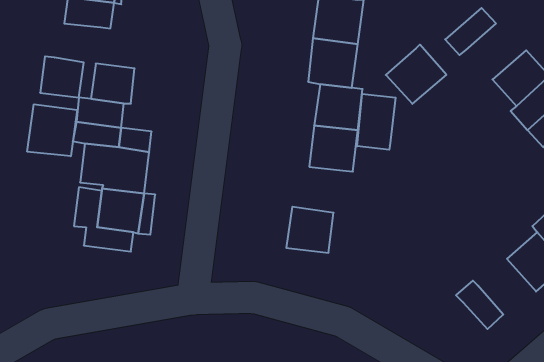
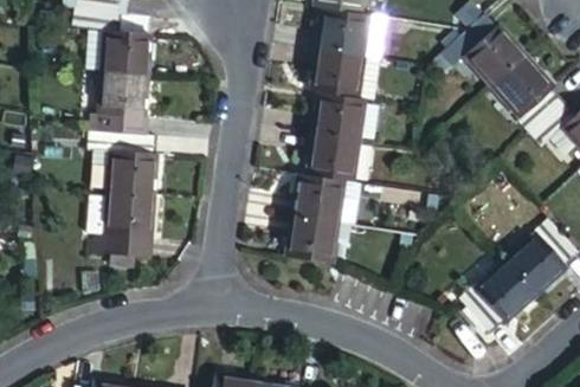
building: [386,45,446,104] -> [466,32,526,90]
building: [40,56,84,98] -> [105,39,148,79]
building: [357,94,396,150] -> none
building: [27,104,77,156] -> none
building: none -> [297,173,343,220]
building: none -> [478,265,535,322]

